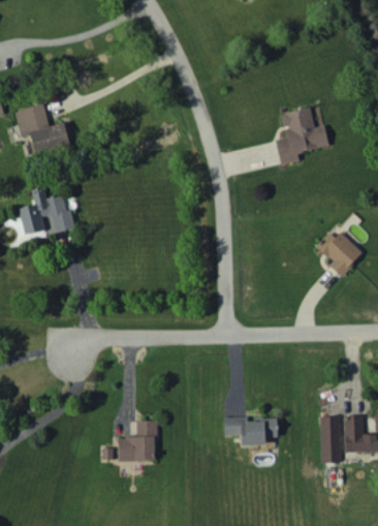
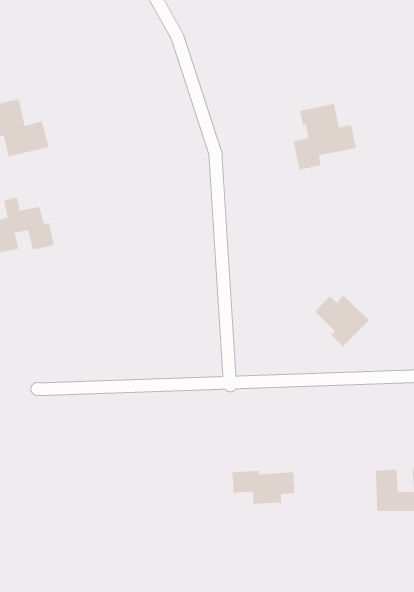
building: [316,231,363,276] -> [315,294,370,347]
building: [320,416,341,463] -> none
building: [118,421,156,461] -> none

